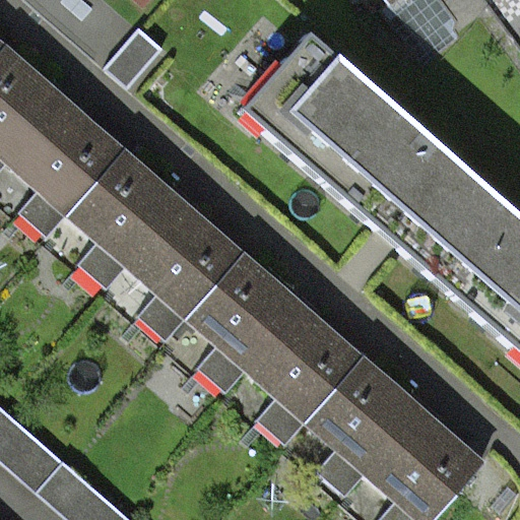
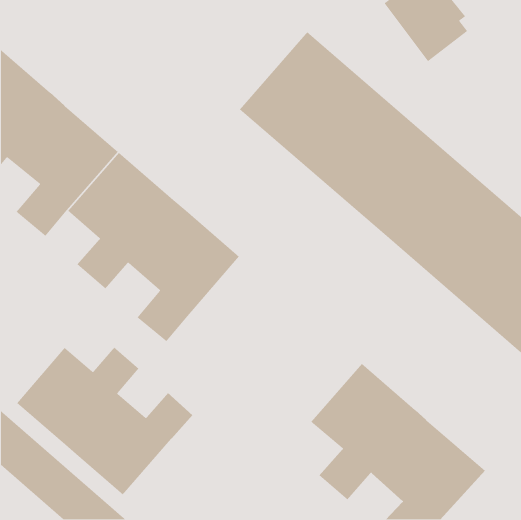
building: [192,252,363,439] -> none
building: none -> [16,346,193,496]

